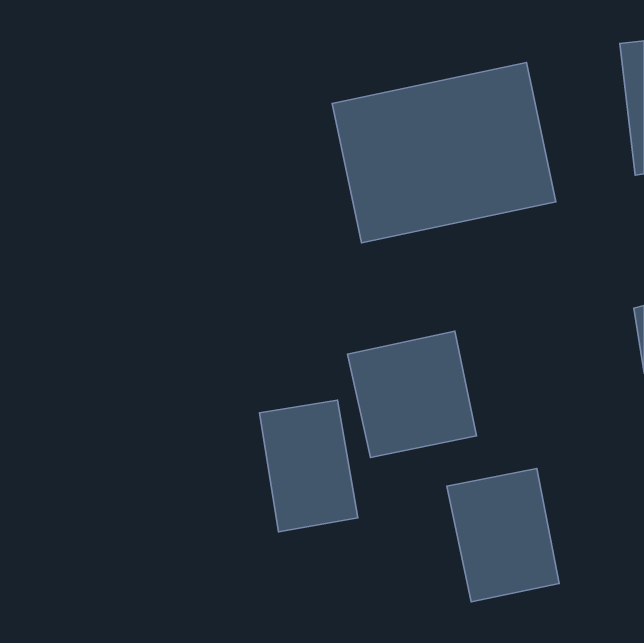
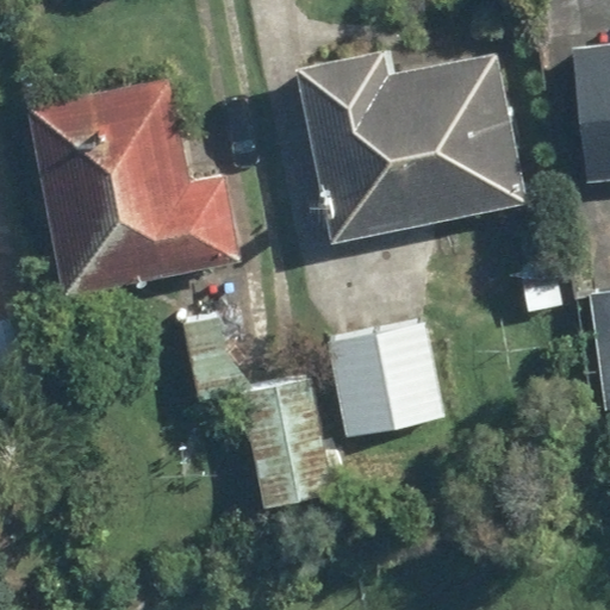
building: none -> [36,91,198,281]
building: [447,468,559,602] -> none

